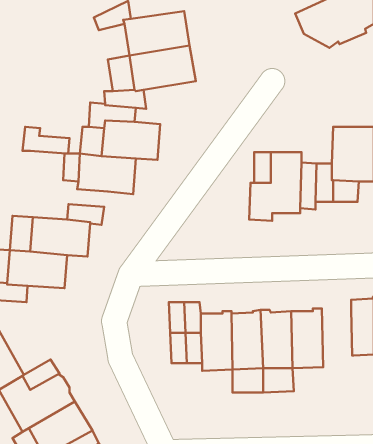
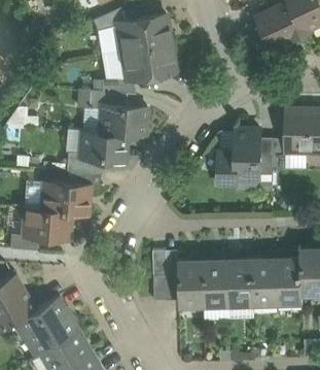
building: [22,127,70,153] -> [66,152,104,173]
building: none -> [277,256,303,303]

